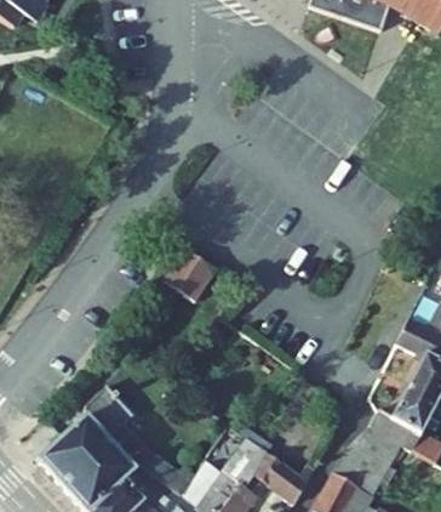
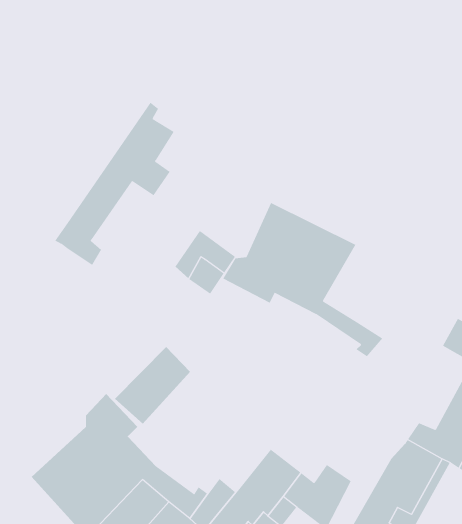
building: none -> [54,102,174,266]
building: none -> [223,202,383,357]
building: none -> [114,346,191,424]

